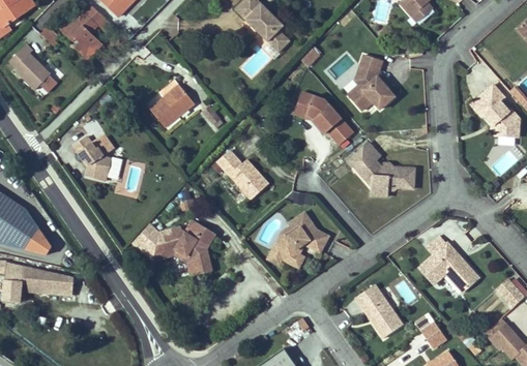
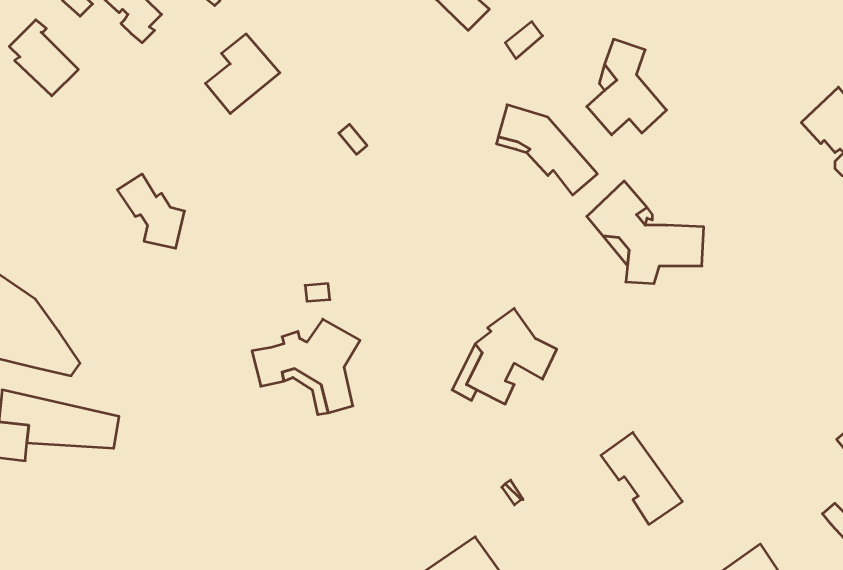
building: [150,80,194,126] -> [205,34,280,114]
building: [218,151,269,201] -> none
building: [416,234,479,293] -> none
building: [420,321,447,348] -> none

